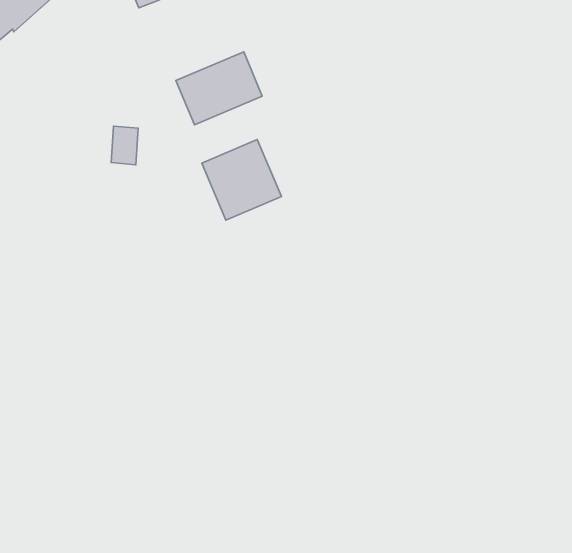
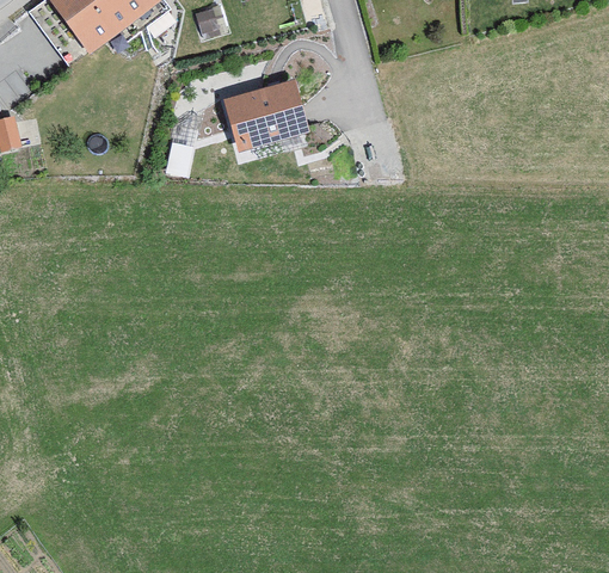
building: [202,140,281,220] -> none

